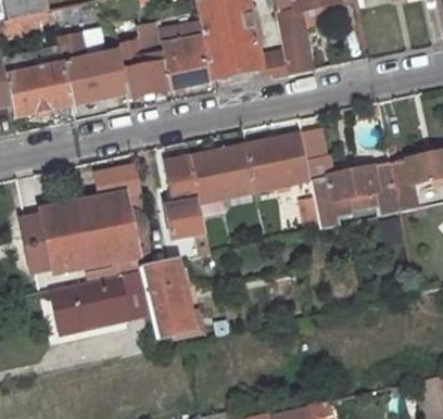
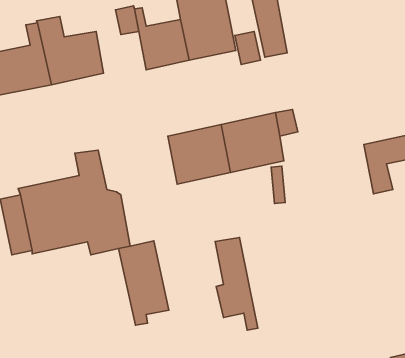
building: [117,42,169,97] -> none
building: [166,155,210,250] -> [215,237,258,330]
building: [309,164,401,231] -> none
building: [52,269,151,333] -> none

